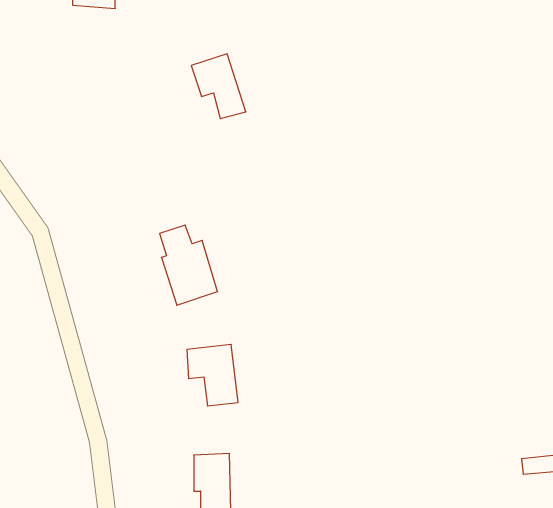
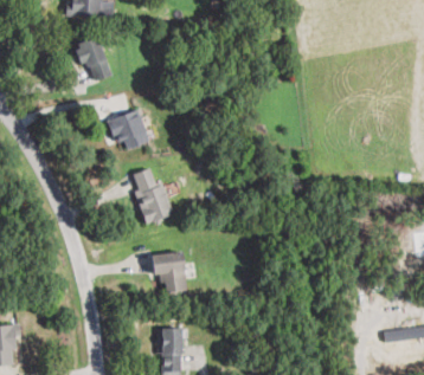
building: [191,54,246,119] -> [73,35,111,80]
building: none -> [110,109,149,151]

